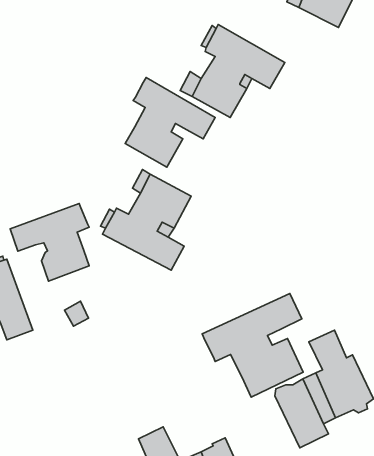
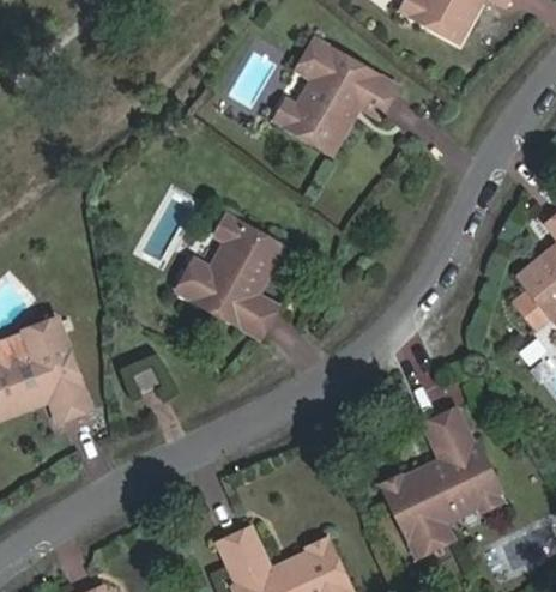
building: [125,77,215,167] -> none
building: [10,204,89,281] -> none
building: [202,293,303,397] -> none

